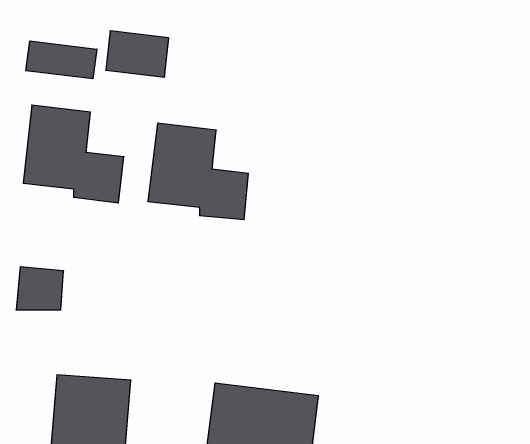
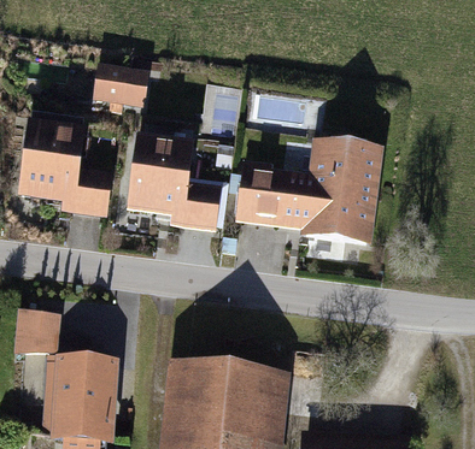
building: [26,41,97,79] -> none
building: none -> [240,143,381,243]
building: [16,267,64,310] -> [17,313,58,350]

